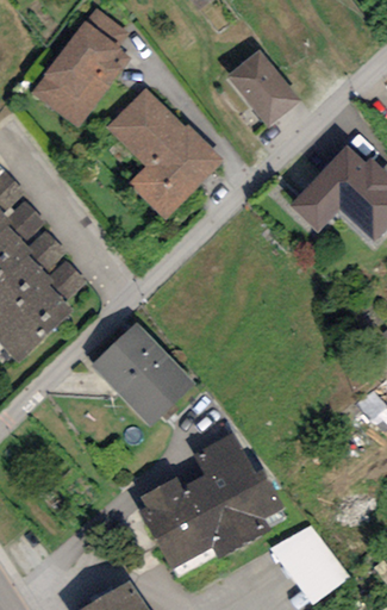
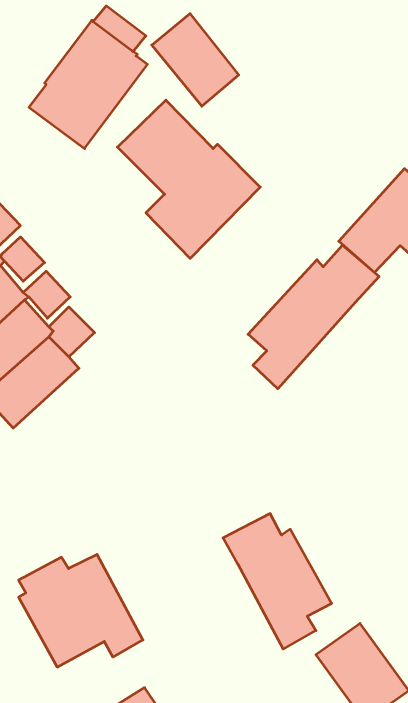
building: [226,49,299,126] -> [152,14,239,106]
building: none -> [248,245,379,389]
building: [92,322,195,427] -> none
building: [139,474,243,568] -> [19,554,143,667]

